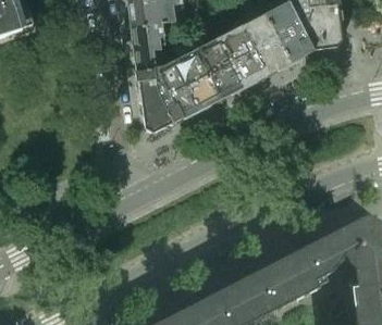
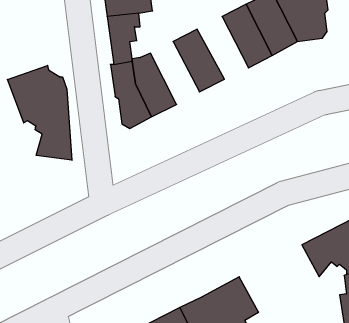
building: [215,24,264,84] -> none
building: [171,48,218,108] -> none
building: none -> [7,65,72,160]
building: [256,241,332,305] -> none

